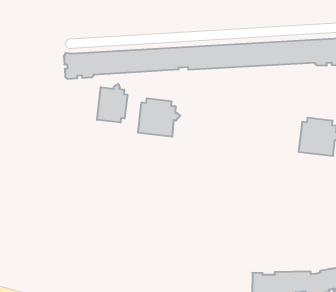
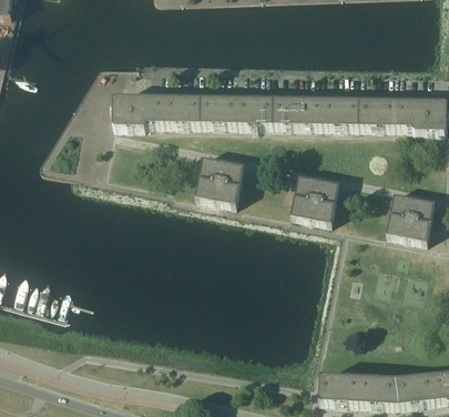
building: [97,84,127,123] -> none
building: none -> [292,172,344,220]

